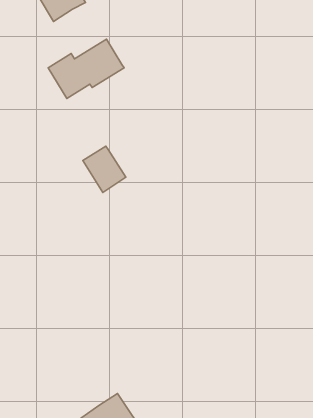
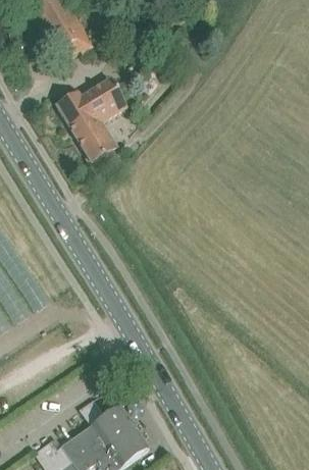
building: [83,146,126,193] -> [74,119,114,162]

